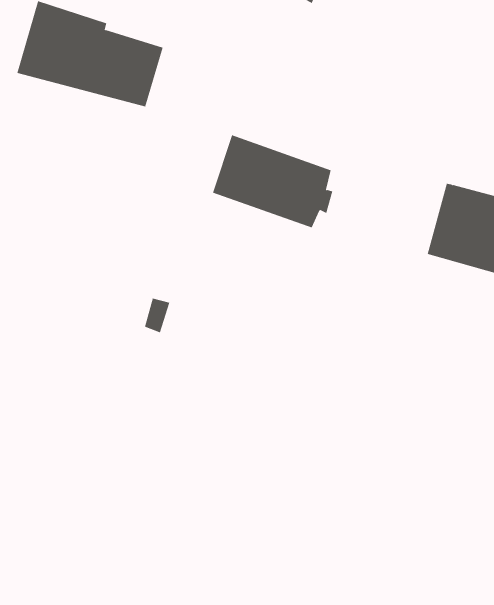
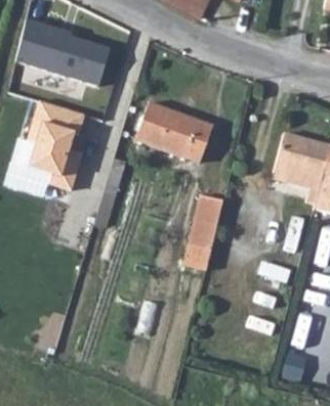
building: none -> [26,97,85,185]
building: none -> [185,193,224,271]

